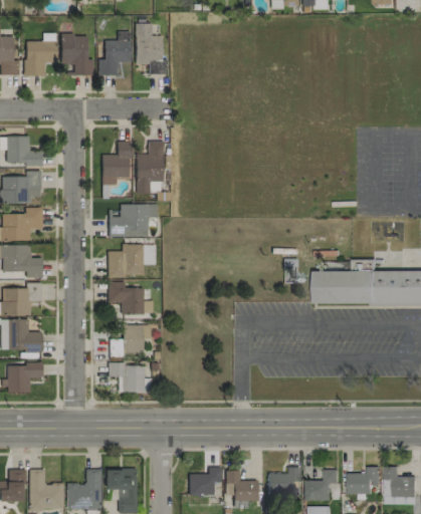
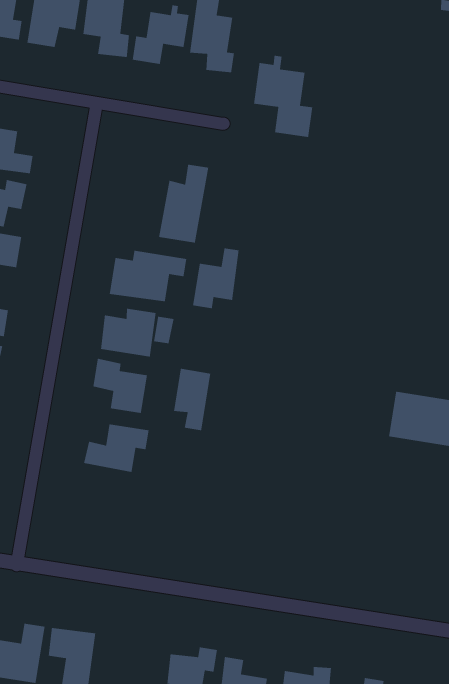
building: none -> [253,55,313,138]
building: [102,142,130,185] -> [192,247,240,309]
building: none -> [173,368,211,431]
building: [109,363,151,392] -> none

